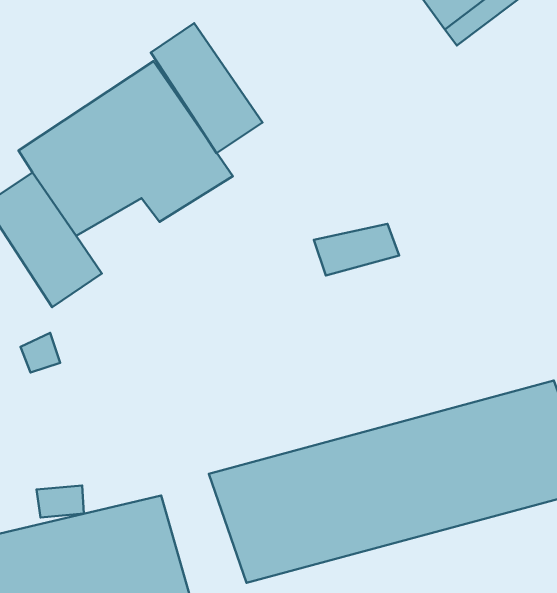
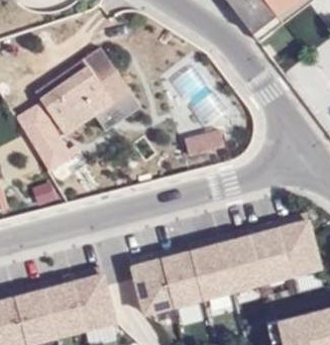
building: [151,23,263,153] -> none

